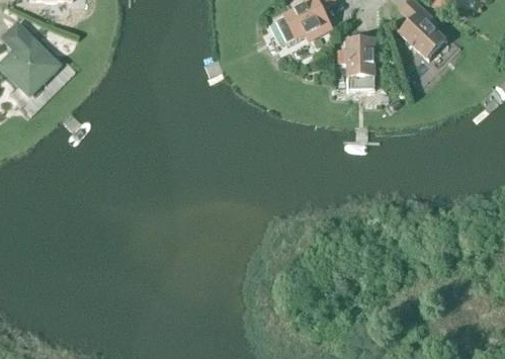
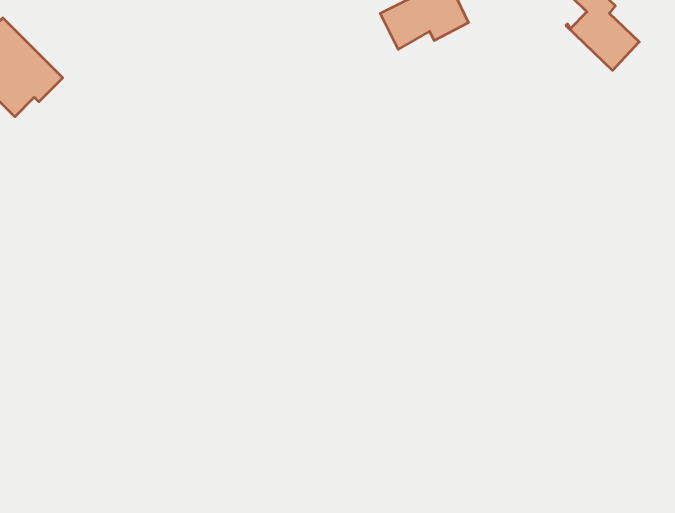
building: [340,35,374,88] -> none

